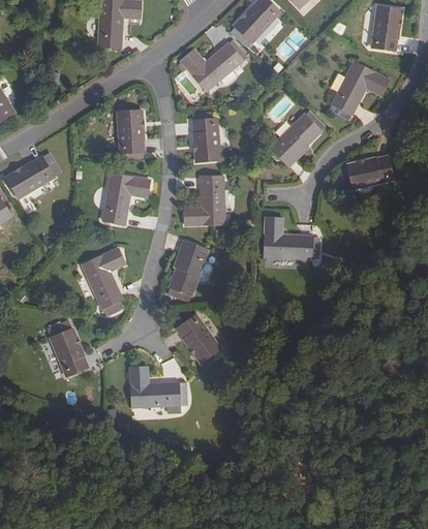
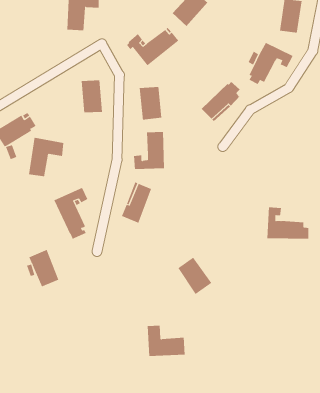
building: [347,155,394,190] -> none
building: [103,173,150,223] -> [28,137,64,177]
building: [264,217,318,258] -> [266,207,309,239]
building: [176,314,220,363] -> [177,257,212,295]
building: [130,367,180,407] -> [147,325,185,357]

